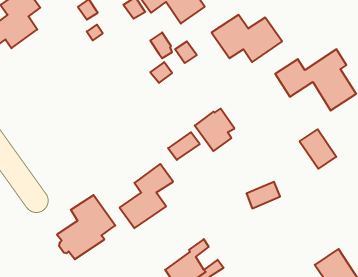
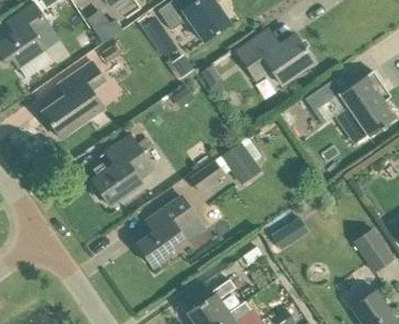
building: none -> [41,61,105,139]
building: [300,129,336,169] -> [351,225,391,269]
building: [57,195,115,259] -> [92,135,157,205]

